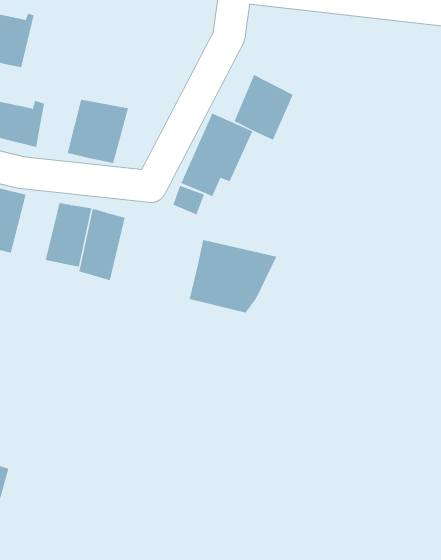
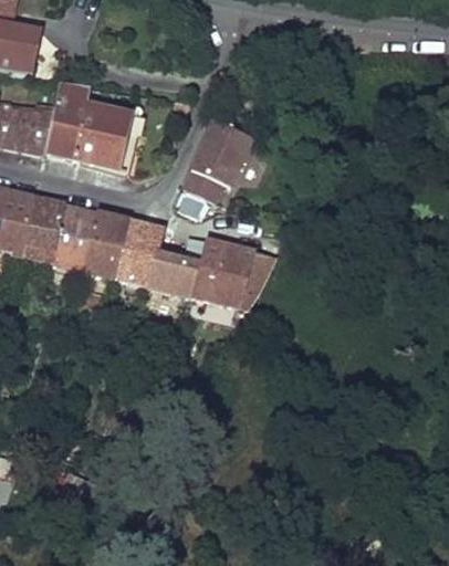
building: [234,74,293,140] -> none
building: none -> [45,84,91,157]
building: none -> [21,197,66,260]
building: none -> [116,219,199,297]

